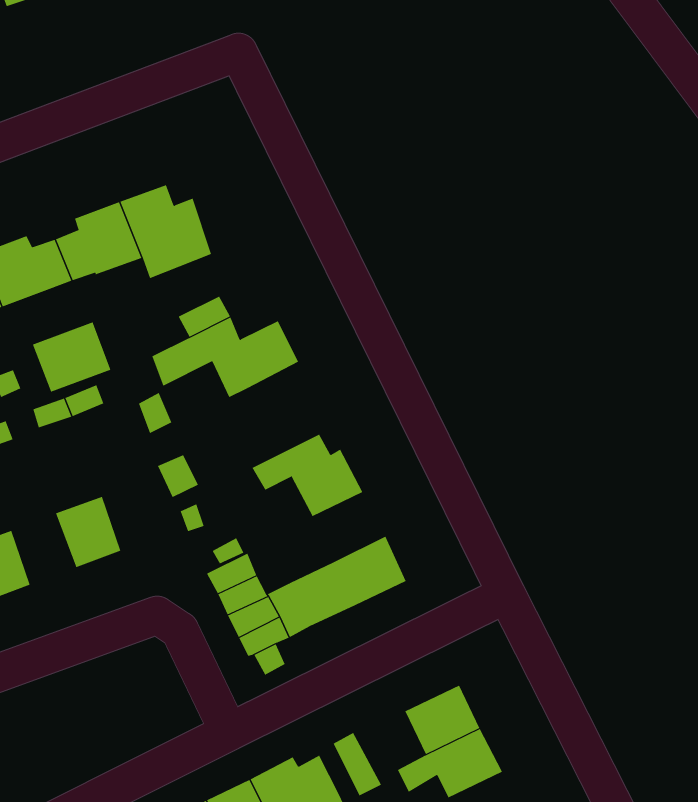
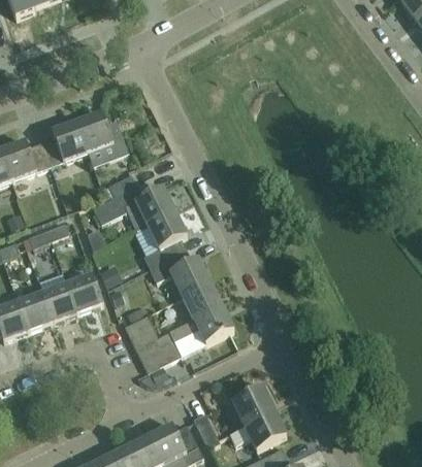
building: [32,322,111,393] -> none
building: none -> [142,209,187,267]
building: none -> [67,273,103,312]
building: none -> [182,280,221,319]
building: none -> [18,292,53,331]

